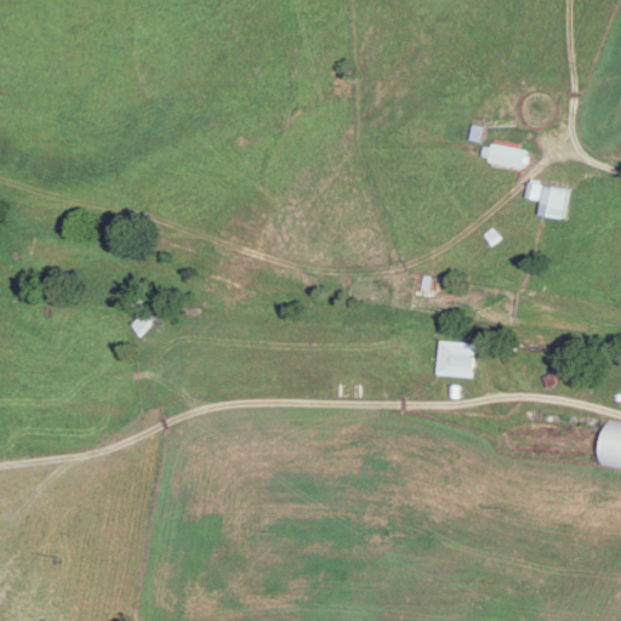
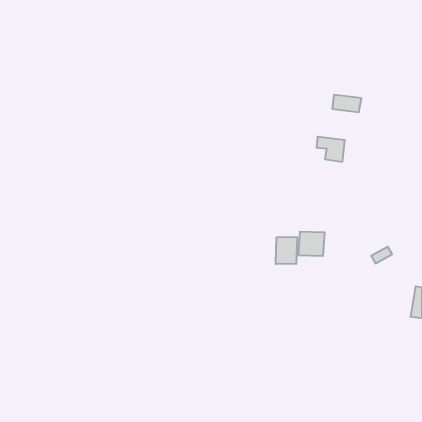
building: [528,183,569,220] -> [317,137,345,162]
building: none -> [276,237,297,264]

